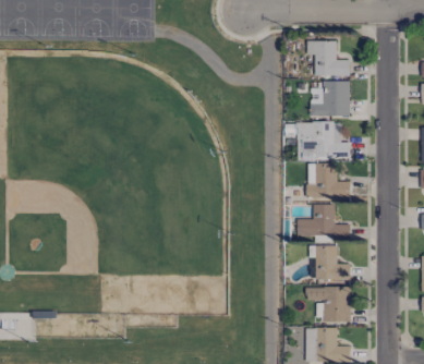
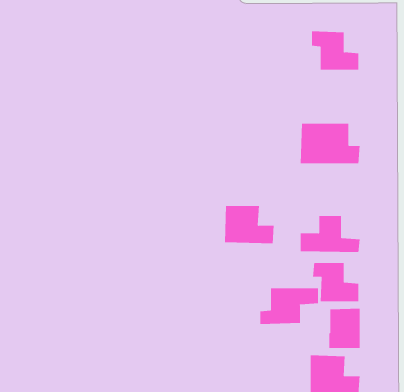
building: [311,81,350,117] -> none
building: [306,163,351,197] -> [224,206,275,244]
building: none -> [260,288,318,325]

